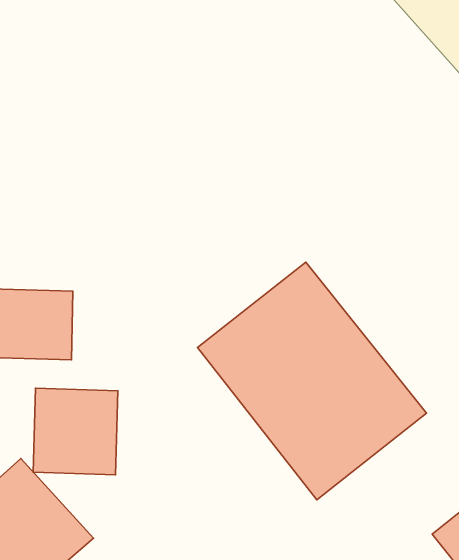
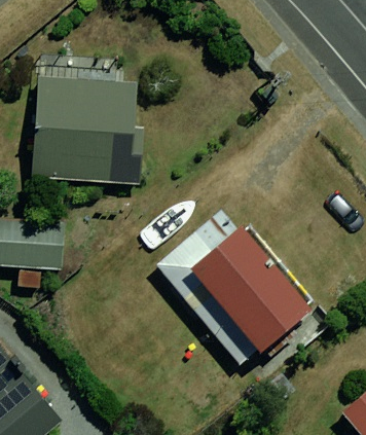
building: none -> [28,80,133,179]
building: [33,388,118,475] -> none

